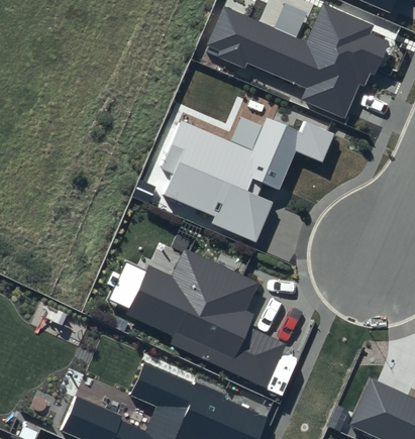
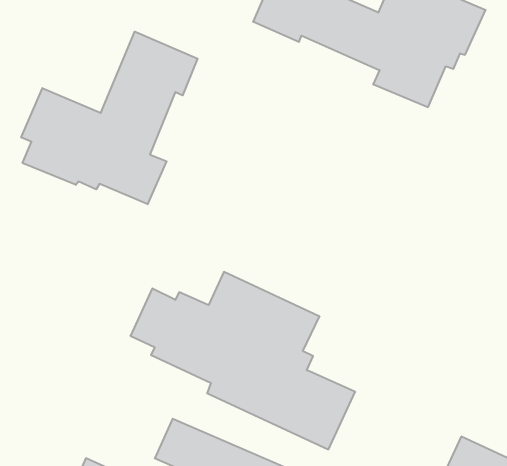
building: none -> [21,32,198,204]
building: [161,118,335,240] -> none

